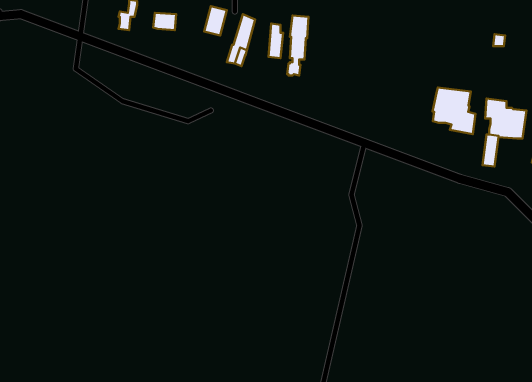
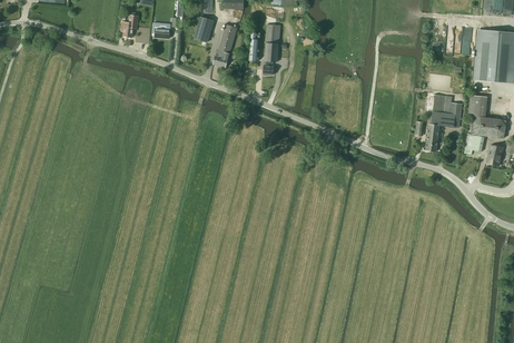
building: [433,88,476,134] -> none

